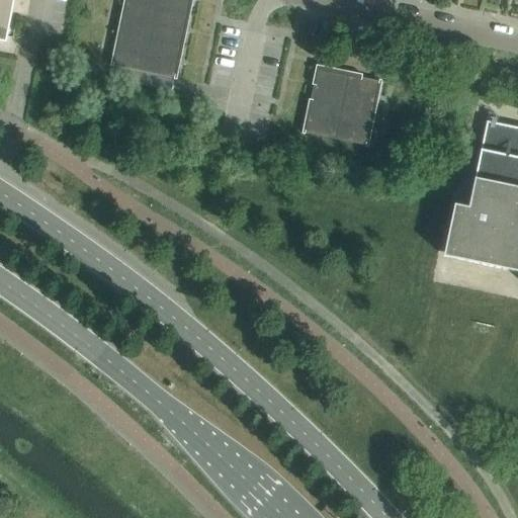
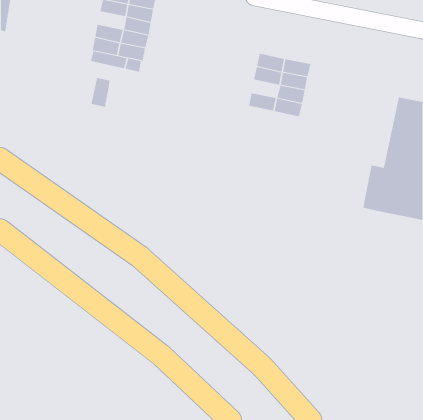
building: [118,14,154,36] -> none
building: none -> [91,77,110,108]
building: [307,97,342,119] -> none

